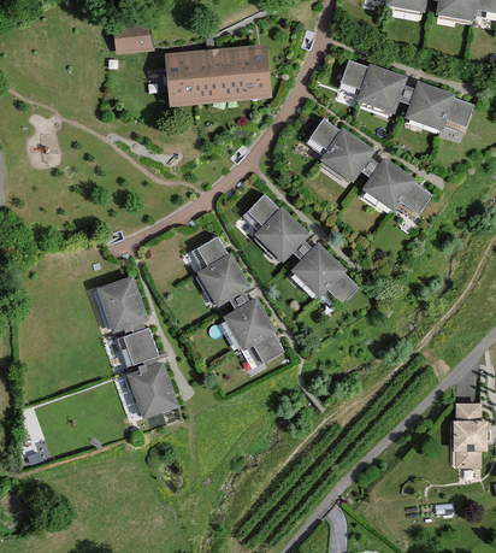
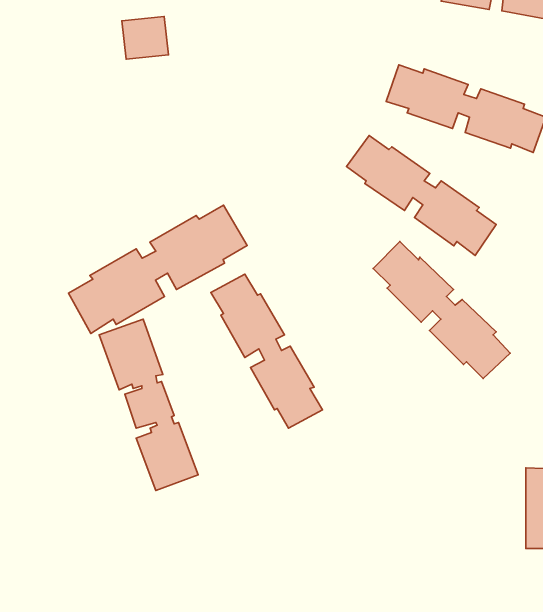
building: [165,42,272,110] -> none
building: none -> [69,205,247,333]
building: [241,195,358,312] -> [373,241,510,379]

